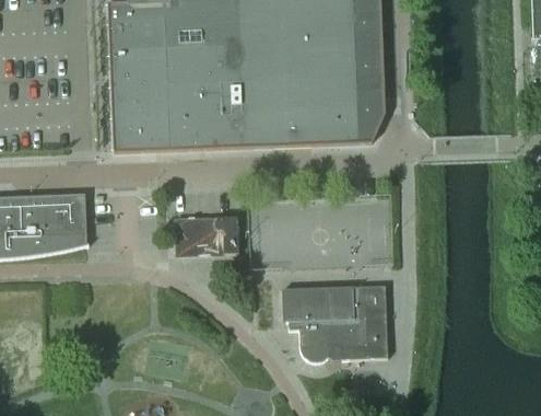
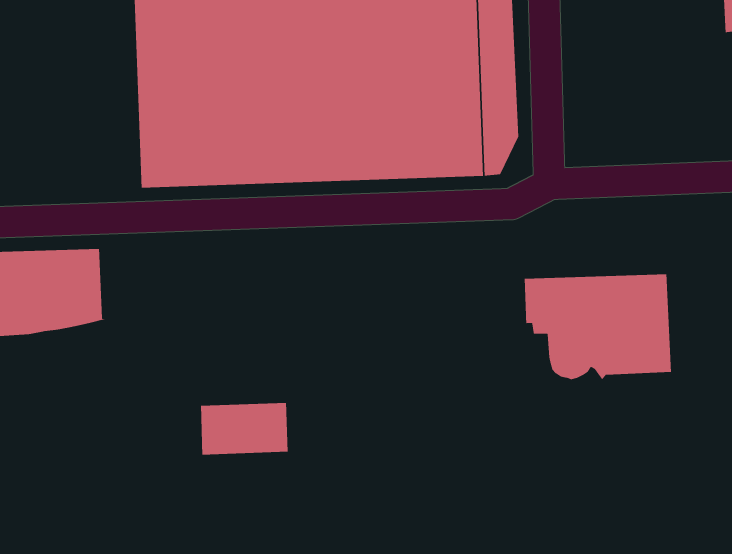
building: [175,217,238,255] -> [200,402,288,455]
building: [282,285,388,361] -> [524,273,672,380]

